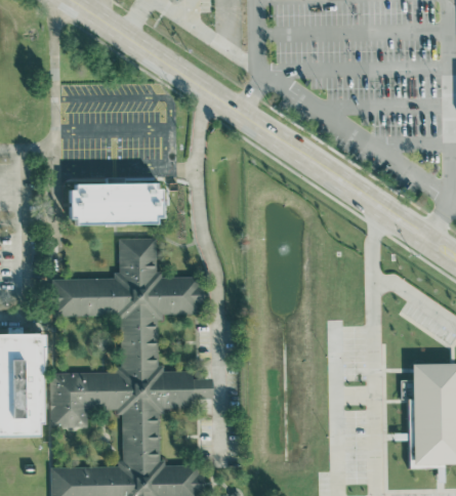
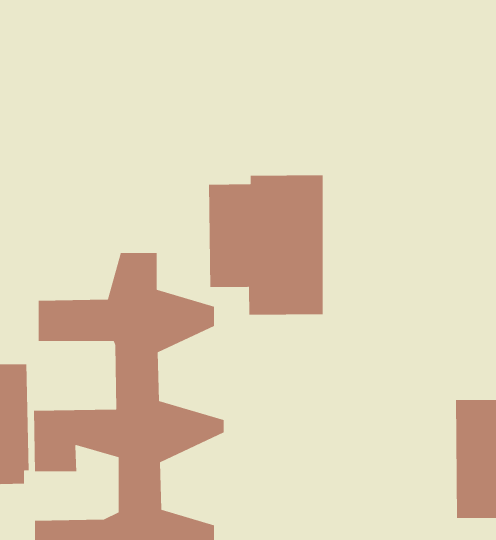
building: none -> [208,174,324,316]
building: [73,182,165,223] -> none

